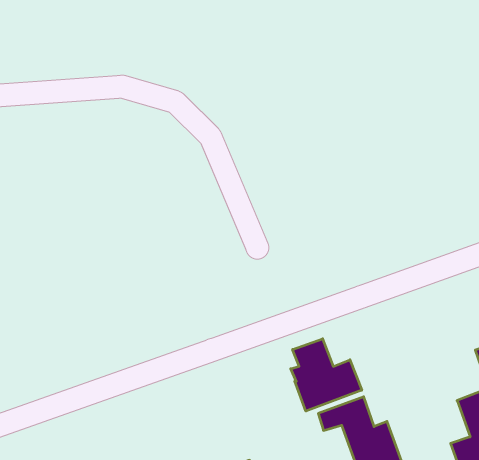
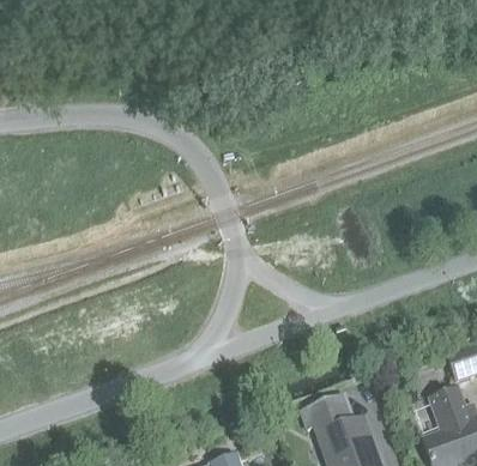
building: [291,339,362,411] -> none

